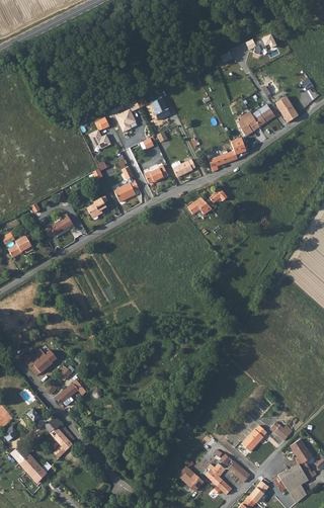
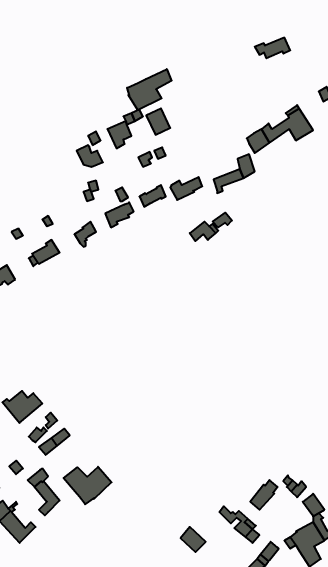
building: none -> [127,69,172,110]
building: none -> [64,467,112,504]
building: [202,462,232,494] -> none

